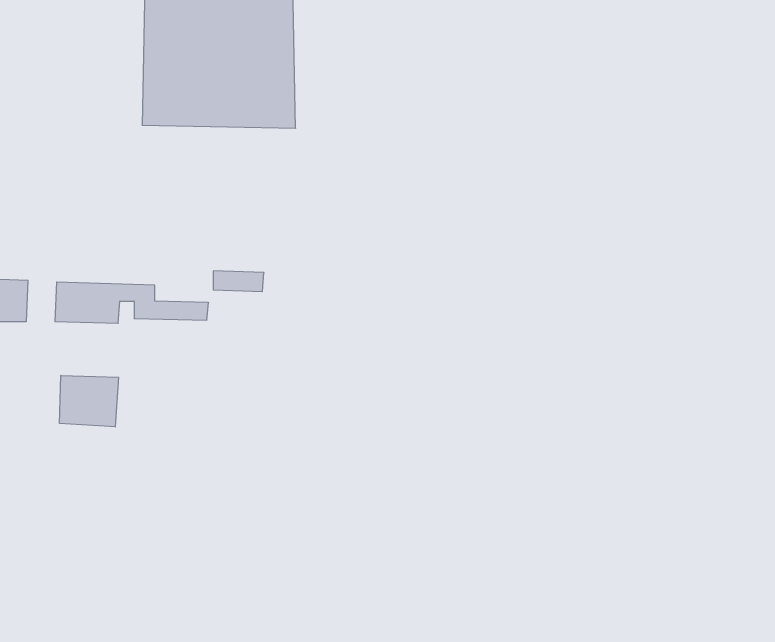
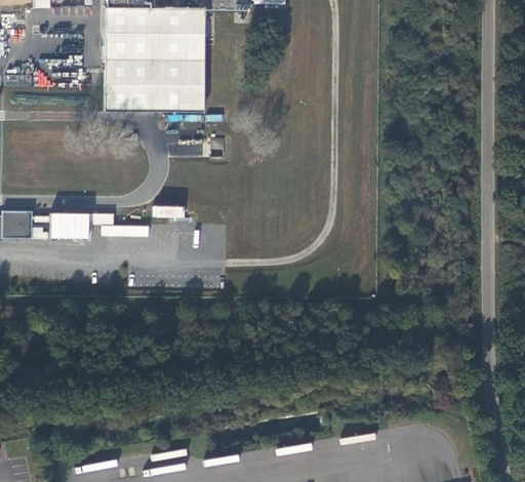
building: [60,375,119,427] -> none

